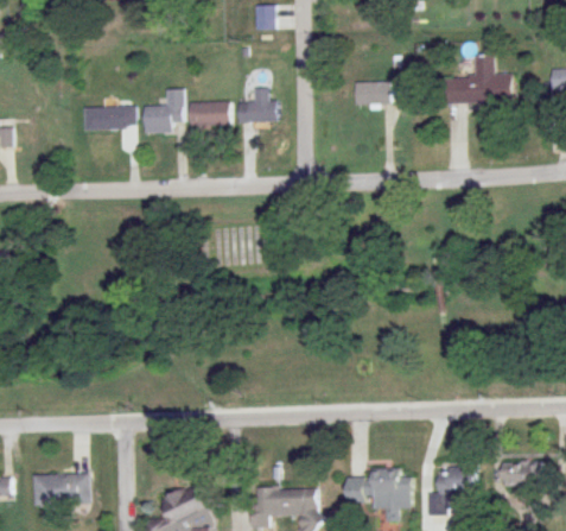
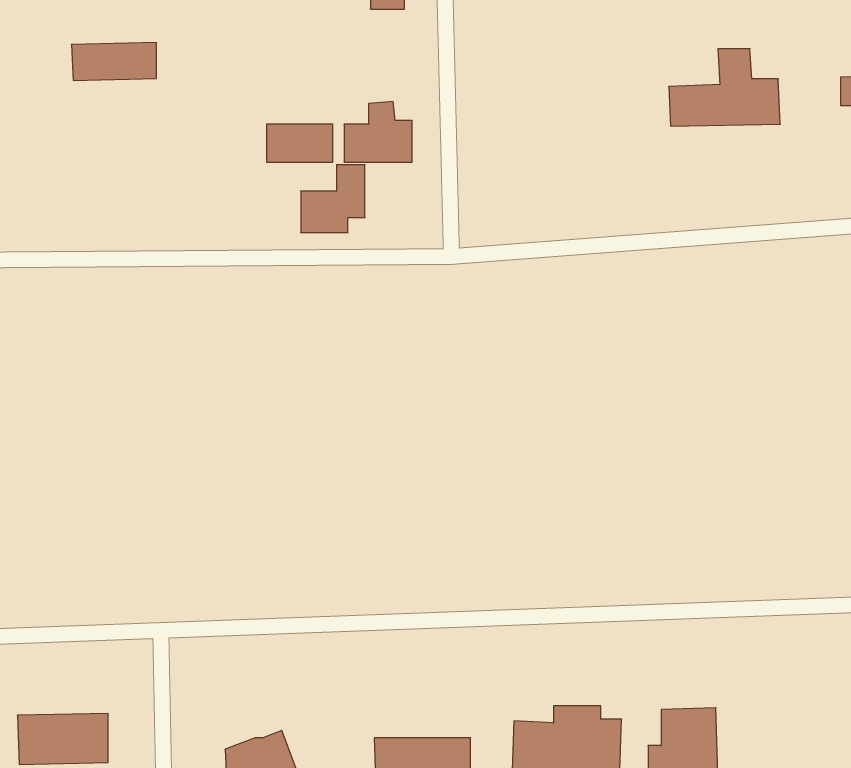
building: [354,82,390,105] -> none
building: [142,89,183,132] -> [301,165,365,233]
building: [82,106,135,129] -> [71,43,156,80]
building: [500,461,540,486] -> none

